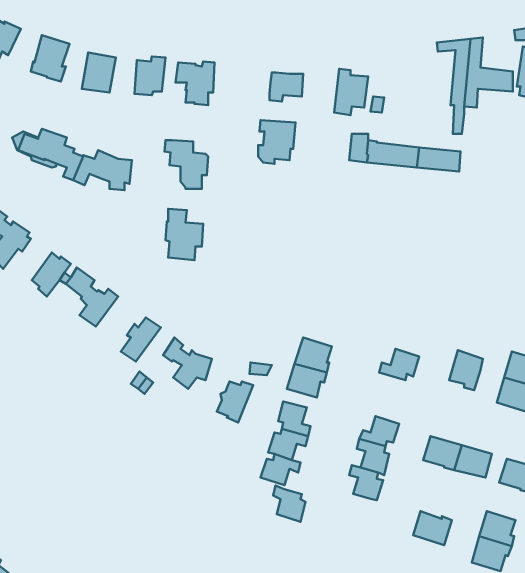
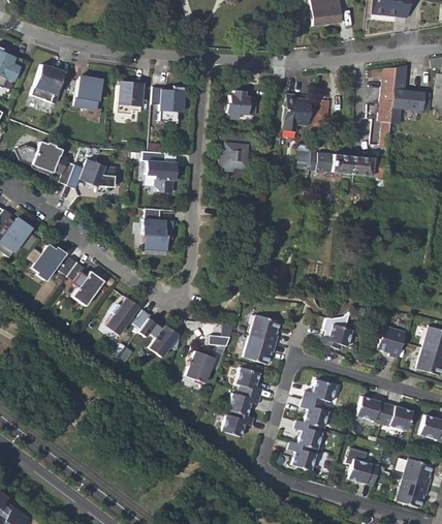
building: [273,485,306,522] -> [289,440,316,470]

